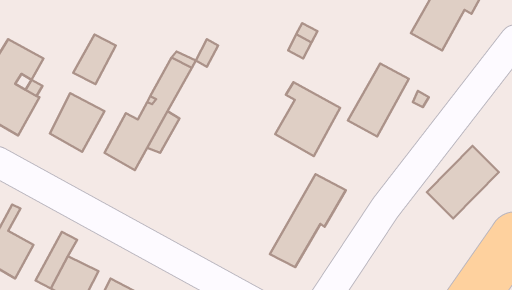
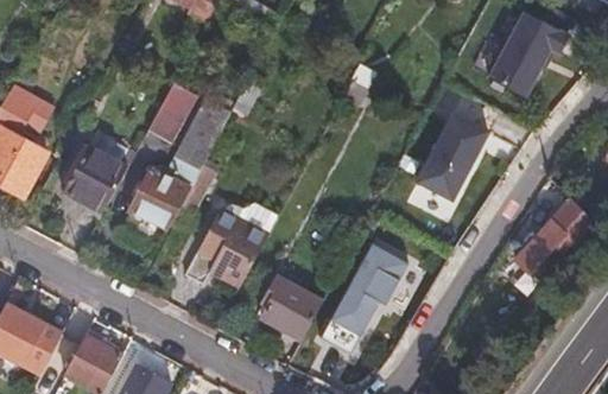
building: [73,34,116,84] -> [146,85,196,144]
building: [275,82,340,156] -> none
building: none -> [184,197,280,286]
building: none -> [255,275,323,339]

